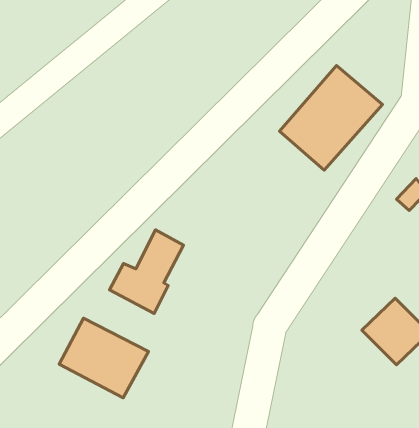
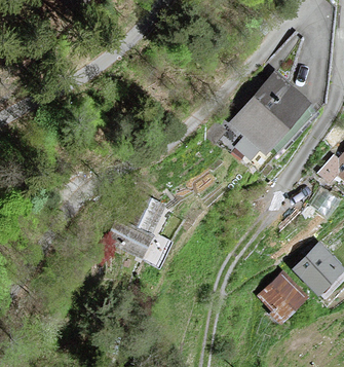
building: [59,318,149,398] -> none
building: none -> [259,272,307,320]

